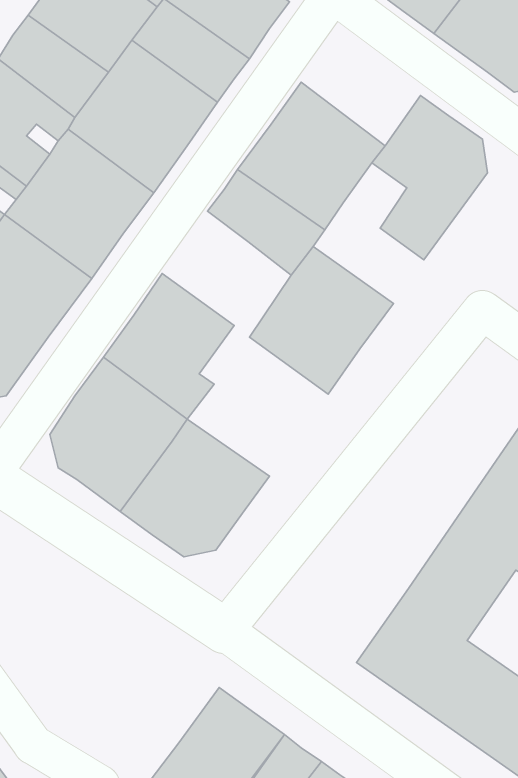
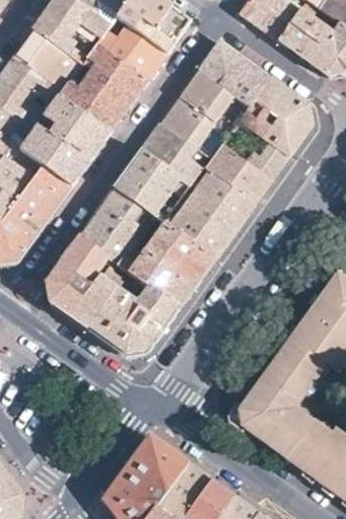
building: none -> [199,39,271,106]
building: none -> [206,141,273,202]
building: none -> [115,146,185,215]
building: none -> [130,222,215,306]

